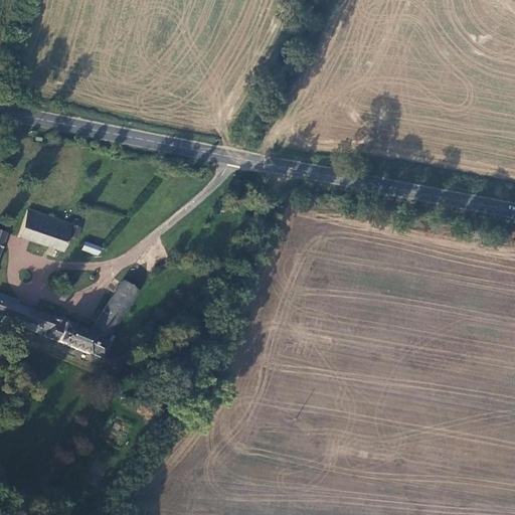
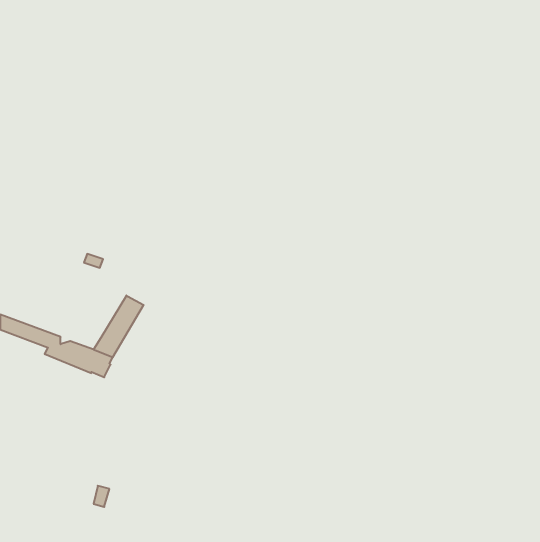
building: [20,209,82,250] -> none

